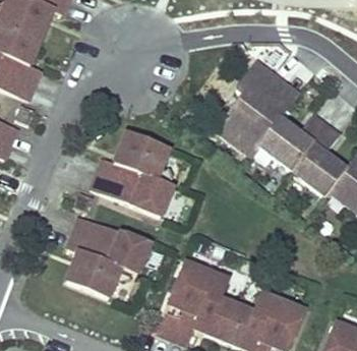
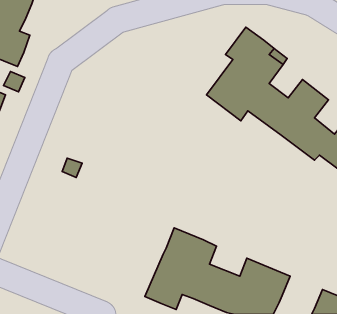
building: [92,131,173,215] -> none
building: [67,214,150,295] -> none

